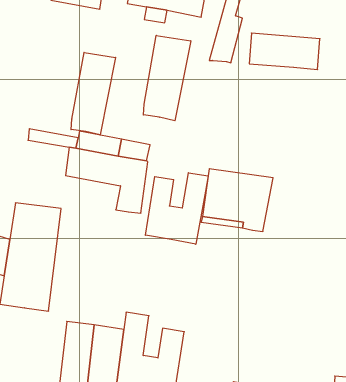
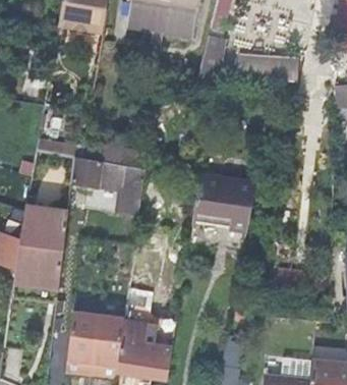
building: [143,35,191,121] -> none
building: [71,52,116,135] -> none
building: [145,173,208,244] -> none

